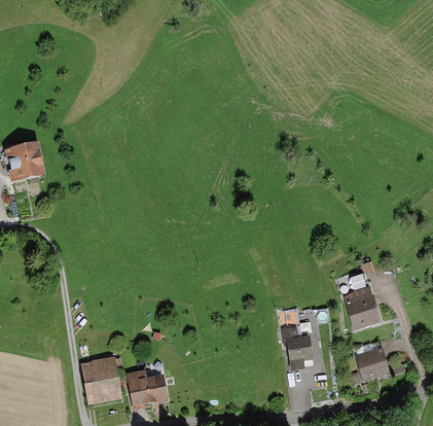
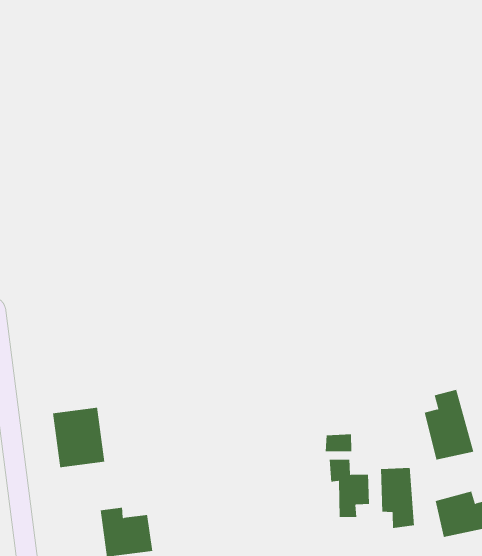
building: none -> [380,467,414,529]
building: [82,359,120,402] -> [52,407,105,468]

